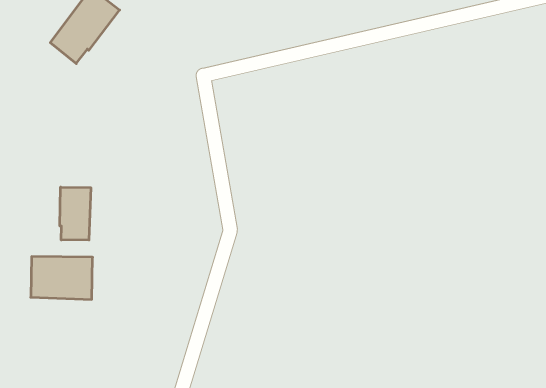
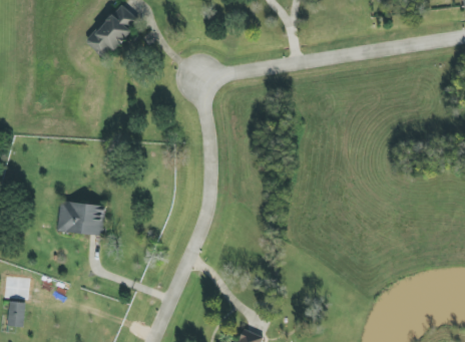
building: [60,187,91,240] -> none

